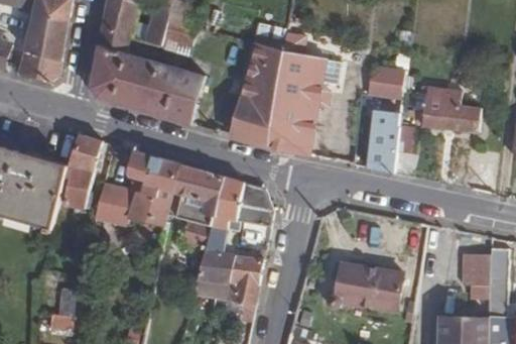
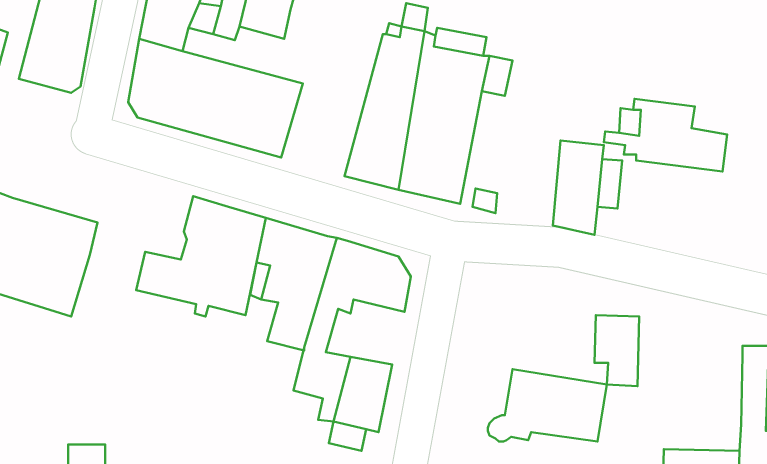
building: [369,62,408,98] -> none
building: [64,134,100,208] -> none
building: [462,252,491,299] -> [594,315,639,386]

